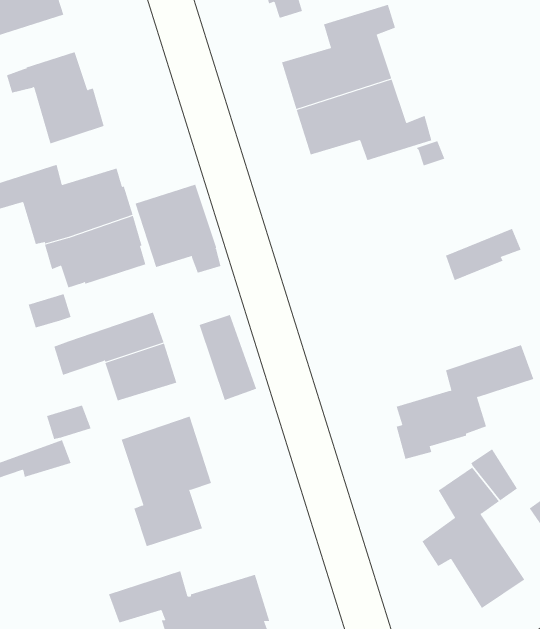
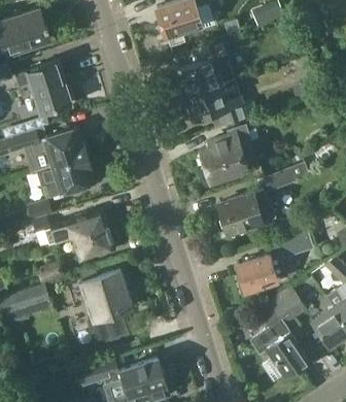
building: none -> [200,130,251,182]
building: [135,184,221,274] -> none
building: none -> [217,191,276,234]
building: [199,314,257,401] -> none

